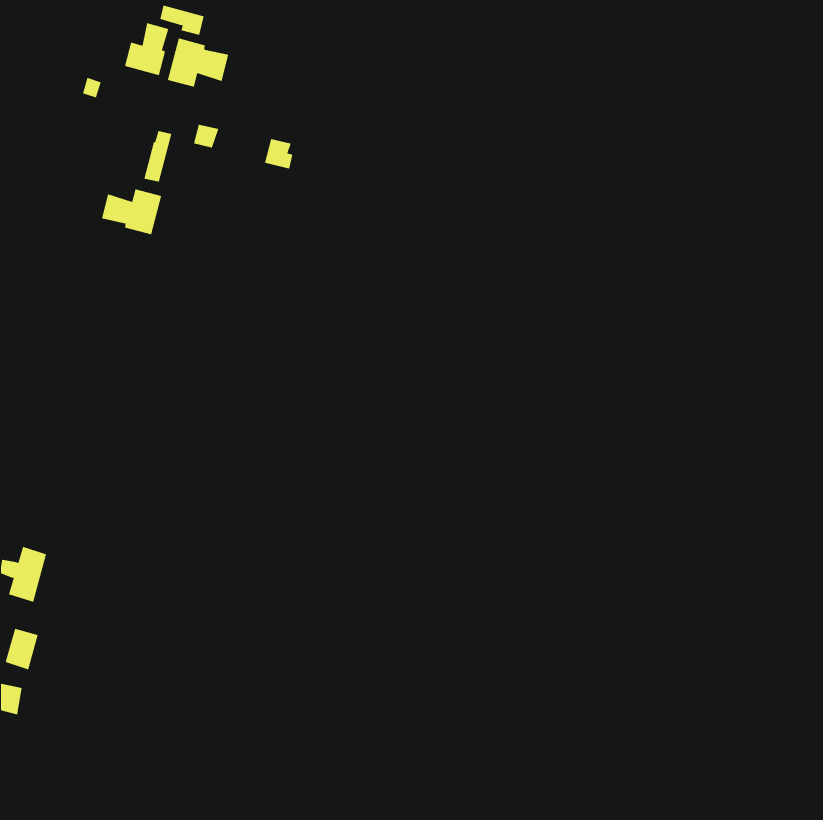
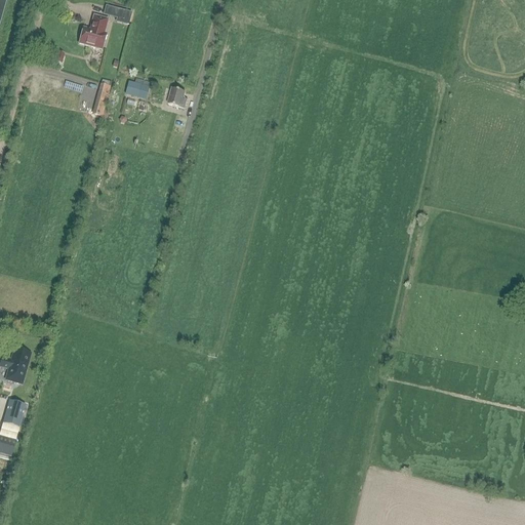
building: [167,38,229,88] -> none
building: [101,188,162,235] -> none

